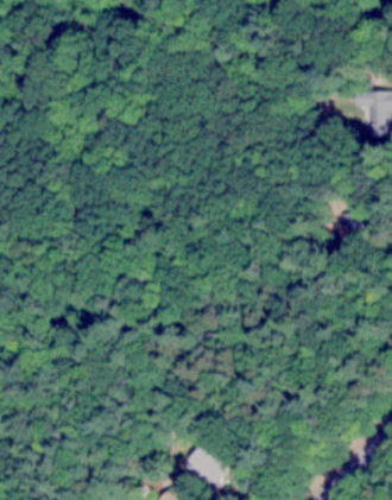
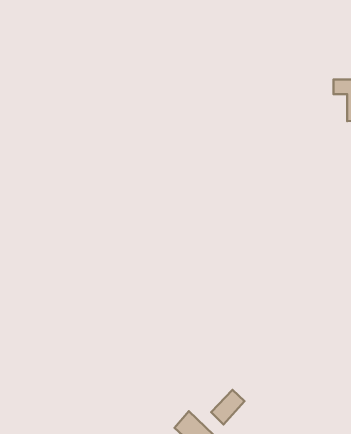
building: none -> [211,390,245,424]

